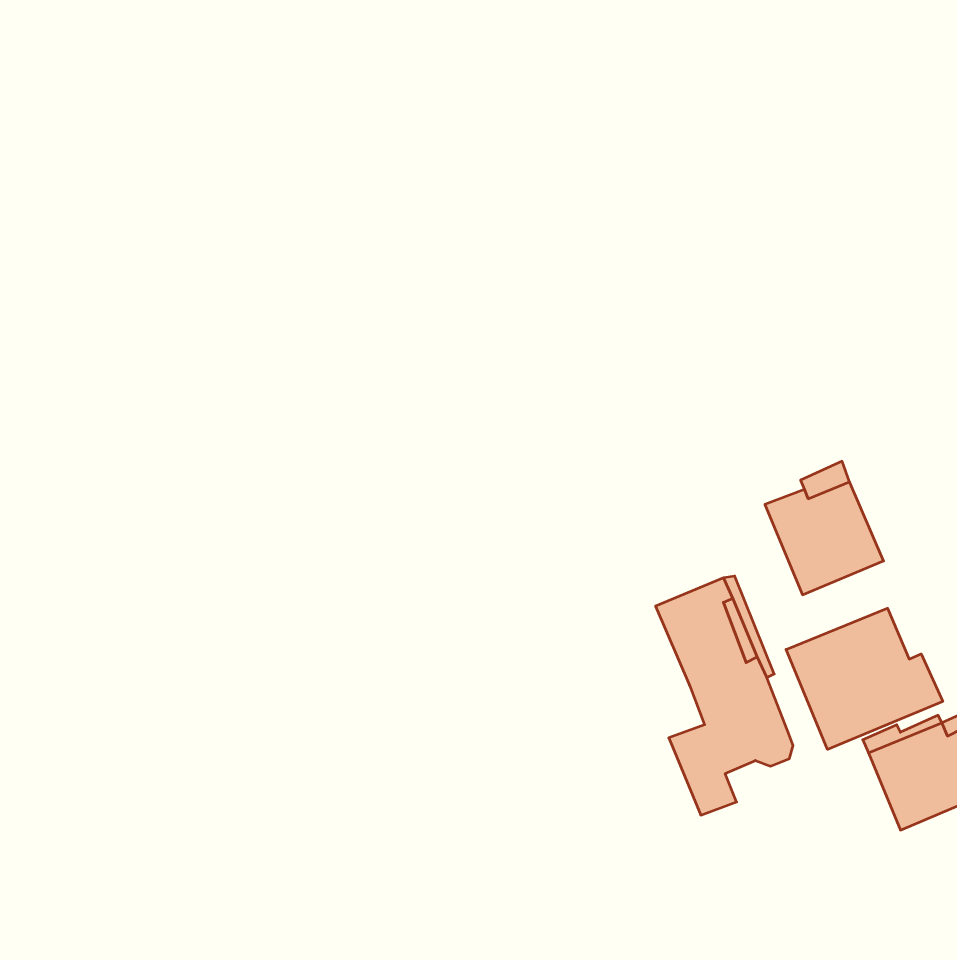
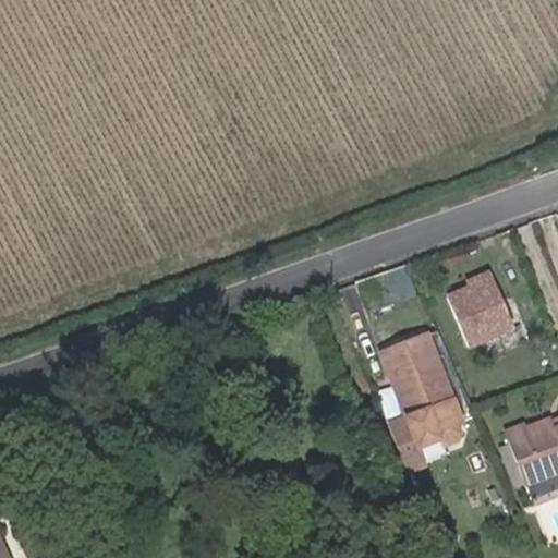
building: [786,608,943,749] -> none

